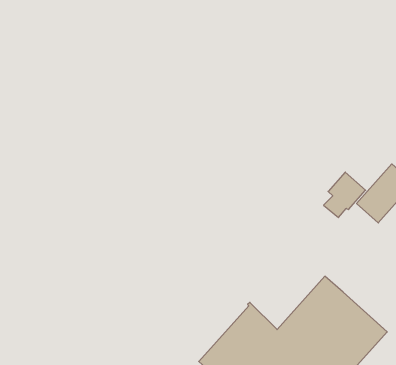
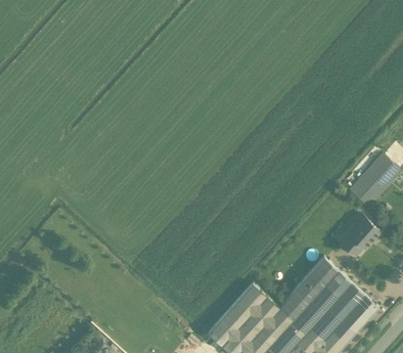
building: [324,172,366,218] -> [341,215,378,256]

